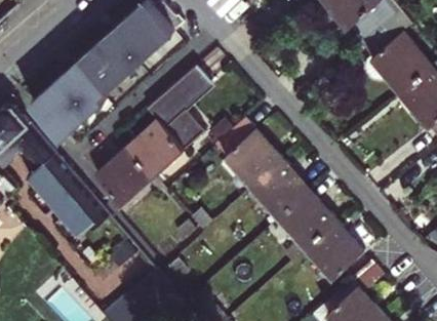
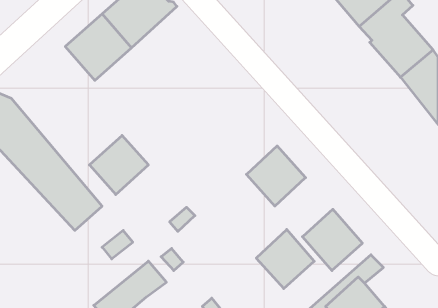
building: [29,63,105,139] -> none
building: [128,69,207,177] -> none
building: [213,119,279,187] -> none
building: [277,190,333,247] -> [256,229,314,289]

